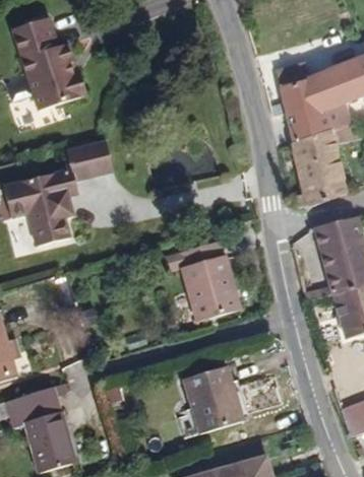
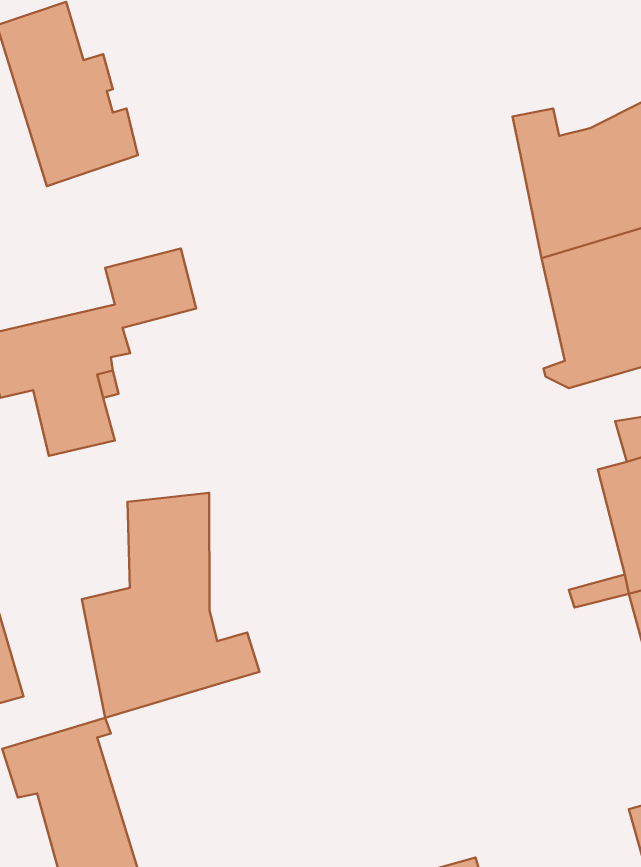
building: [179,240,239,317] -> none
building: none -> [82,493,260,718]
building: [178,366,235,432] -> none

